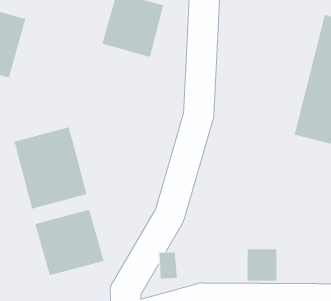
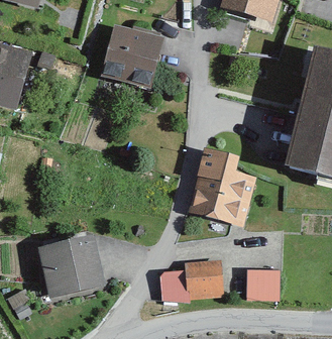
building: none -> [191,148,256,225]
building: [14,126,87,210] -> none
building: none -> [177,263,217,304]

